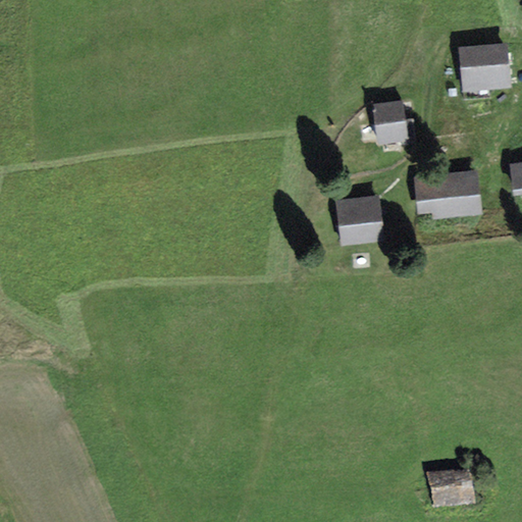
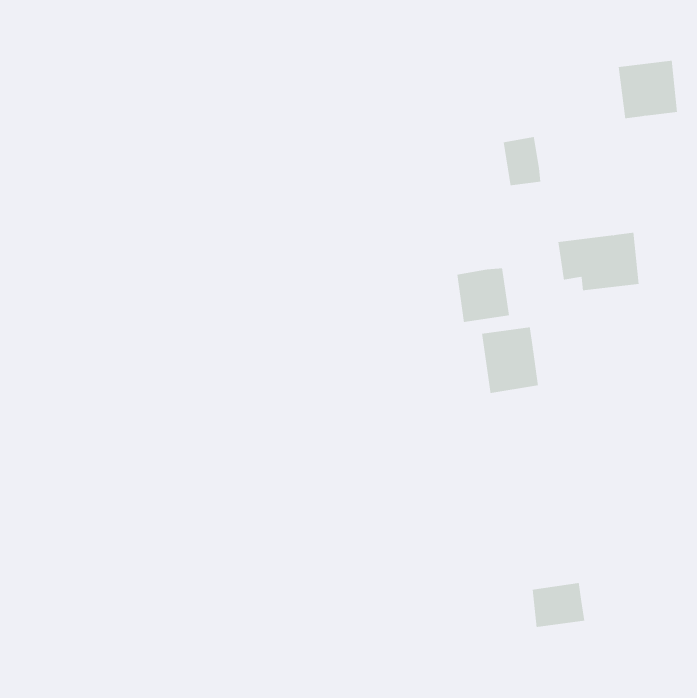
building: none -> [482,327,539,394]
building: [430,470,470,504] -> [532,583,585,628]

